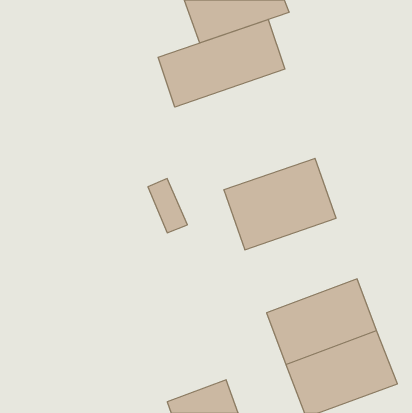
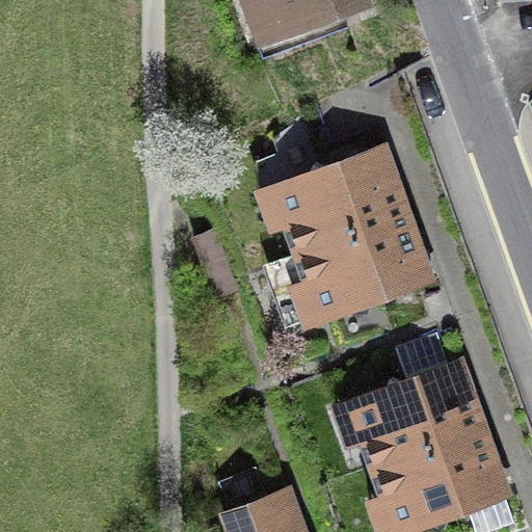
building: [158,19,285,107] -> none
building: none -> [269,145,406,244]

